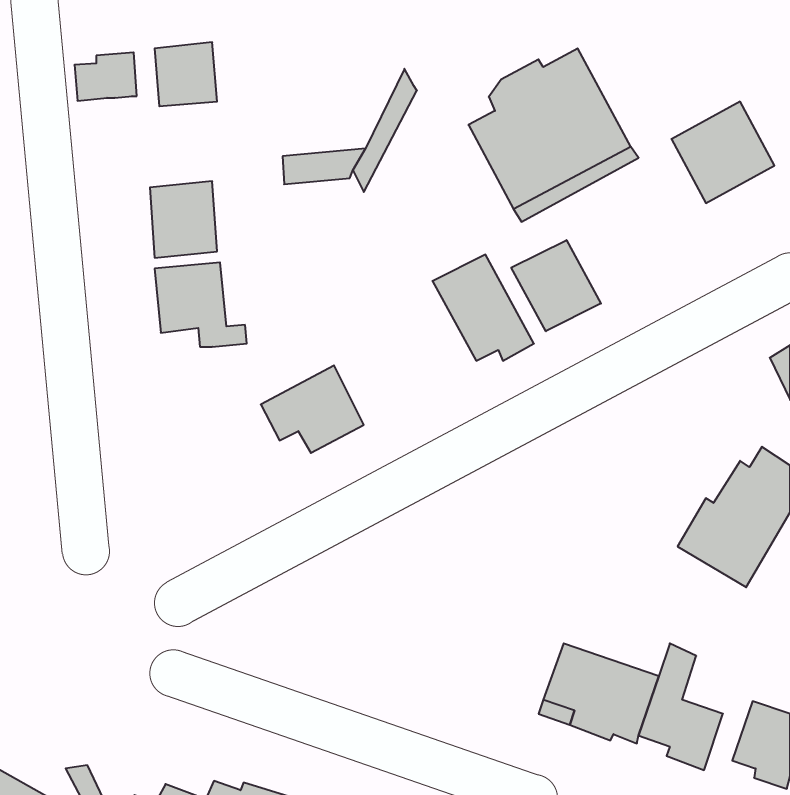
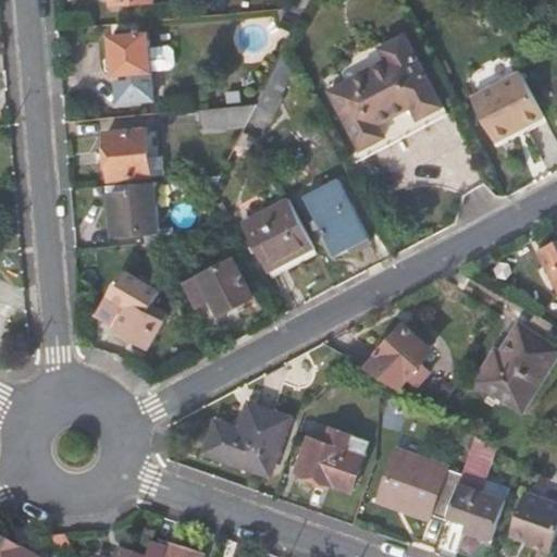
building: [74,52,137,101] -> [110,73,153,107]
building: [511,240,601,331] -> none
building: none -> [240,198,313,272]
building: none -> [107,269,168,348]
building: none -> [364,323,430,391]
building: none -> [200,403,289,476]
building: none -> [294,426,367,492]

